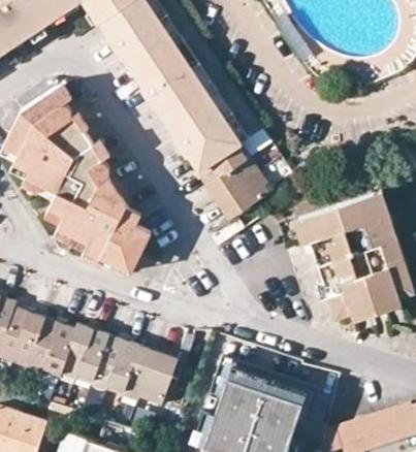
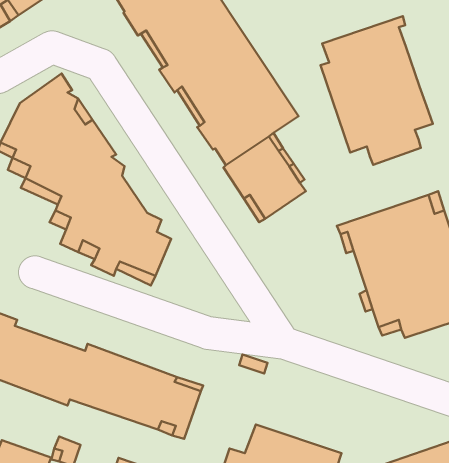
building: none -> [320,16,433,165]
building: [223,367,307,418] -> none

